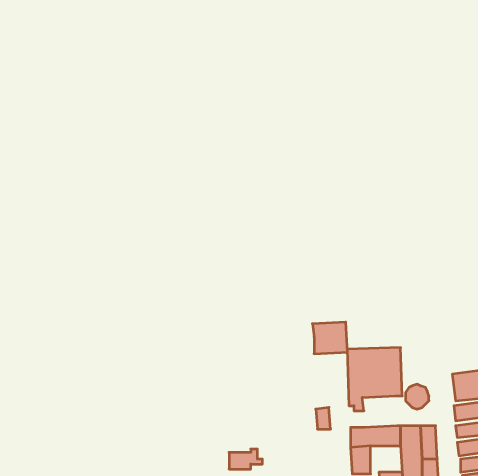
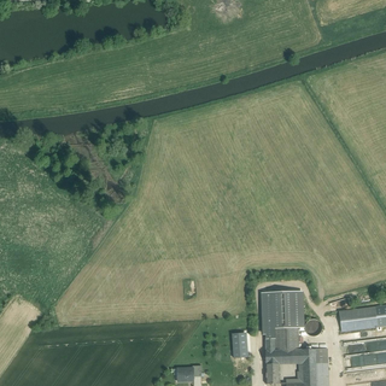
building: [312,322,347,354] -> [273,326,298,349]

